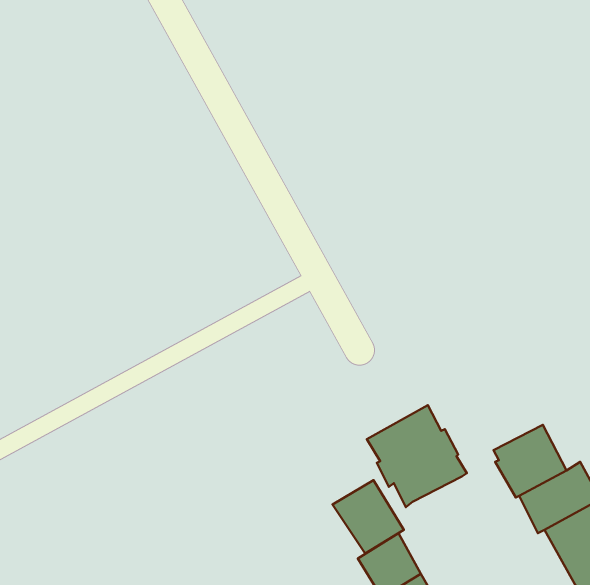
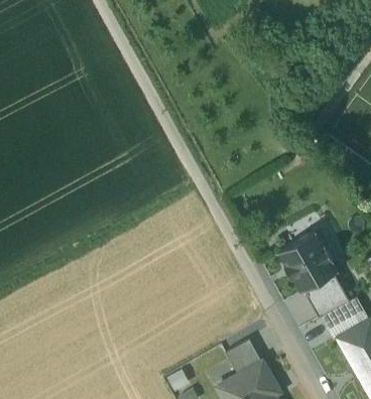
building: [367,405,467,507] -> [279,232,339,292]
building: [333,480,404,554] -> none

